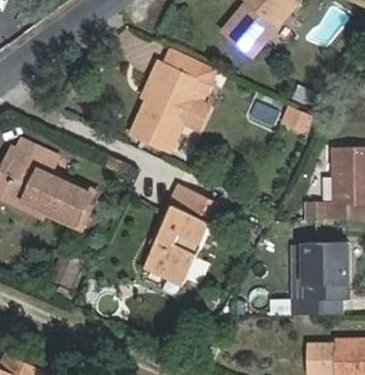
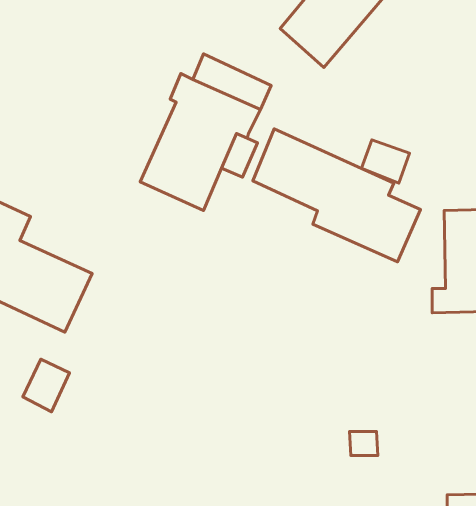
building: none -> [253,129,420,262]
building: [143,187,217,284] -> none
building: [290,244,349,315] -> none

